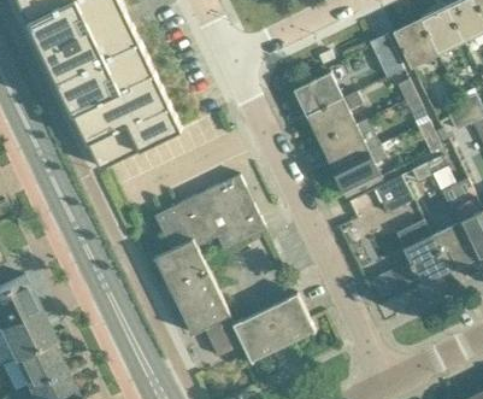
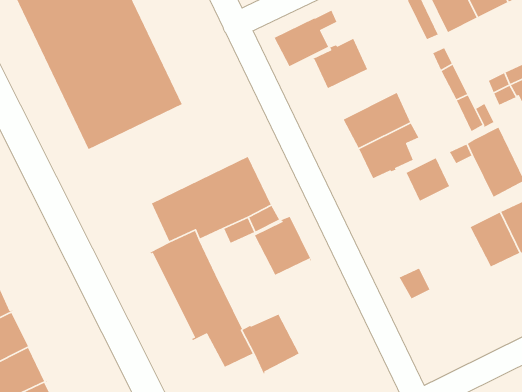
building: [307,92,363,142] -> [273,10,337,68]
building: [397,222,448,284] -> none
building: [265,293,316,345] -> [254,216,312,276]

